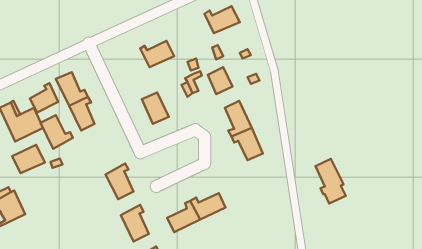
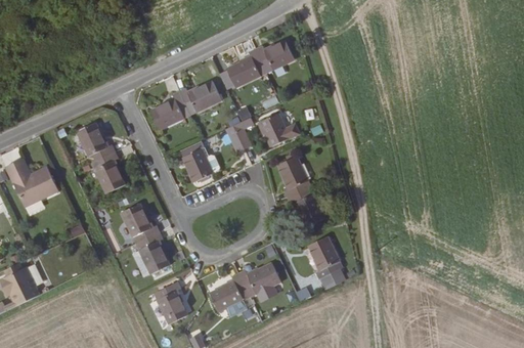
building: none -> [226,49,266,87]
building: none -> [147,91,188,129]
building: [30,83,58,112] -> none
building: [41,115,73,149] -> [120,203,159,244]
building: [12,145,45,173] -> none
building: [316,159,346,204] -> [309,237,346,292]

